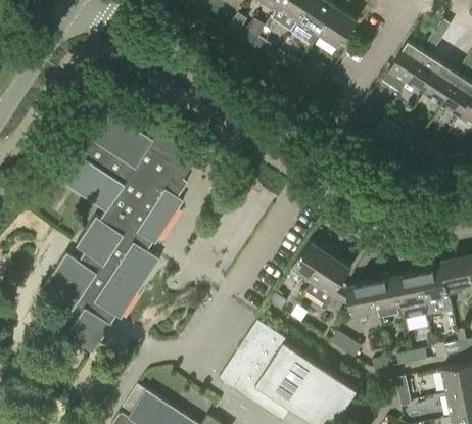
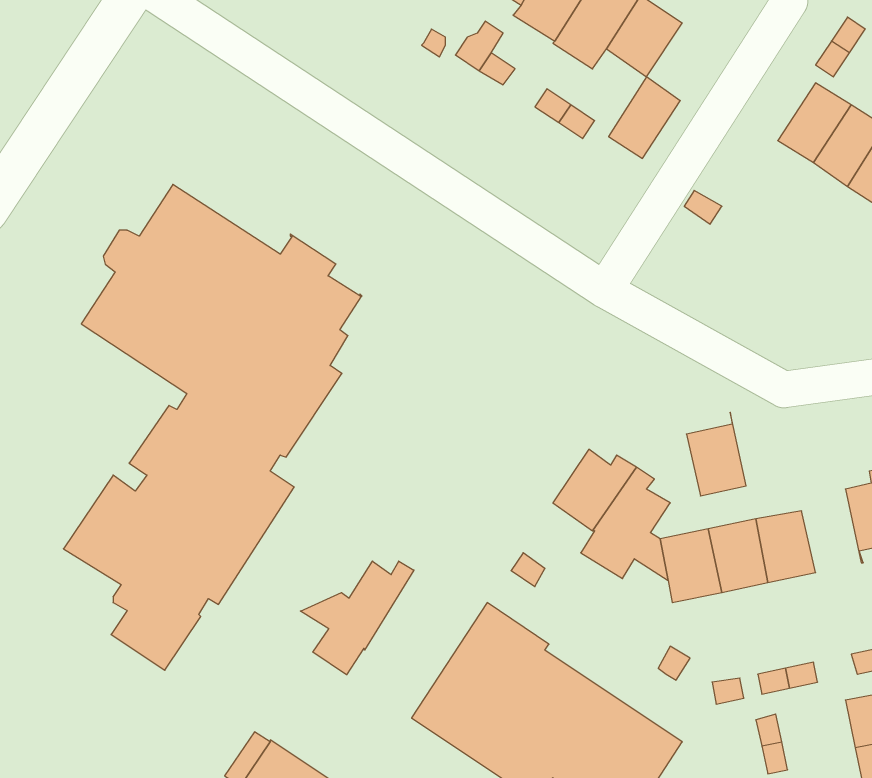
building: [389,40,426,82] -> [609,77,680,158]
building: [419,261,450,303] -> [686,412,746,496]
building: none -> [300,561,414,675]

